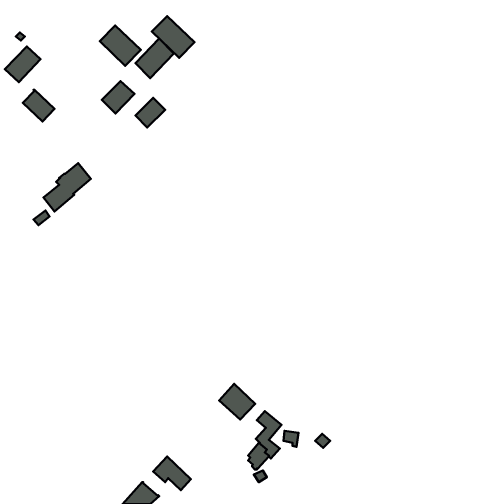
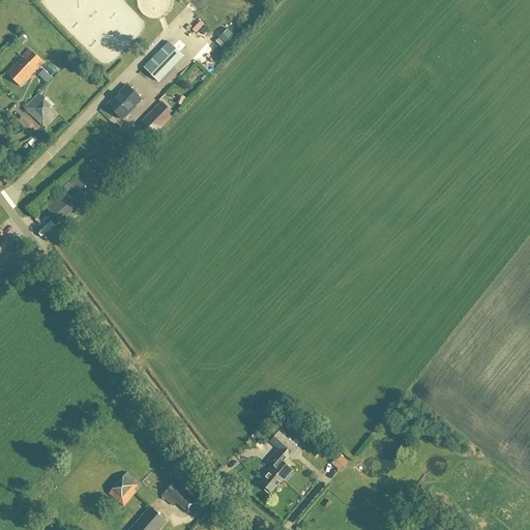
building: [152,16,194,58] -> none
building: [100,26,141,66] -> none
building: [219,384,255,419] -> none
building: none -> [108,471,139,506]

